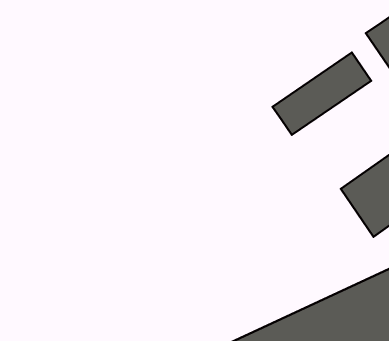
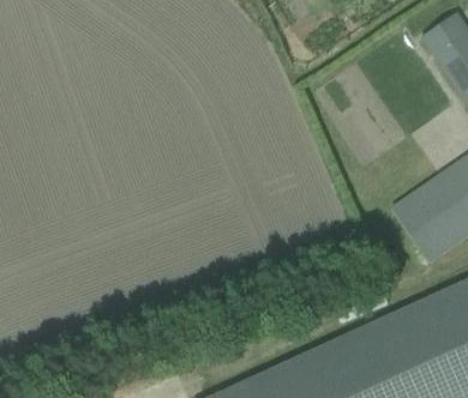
building: [272,53,371,135] -> none

